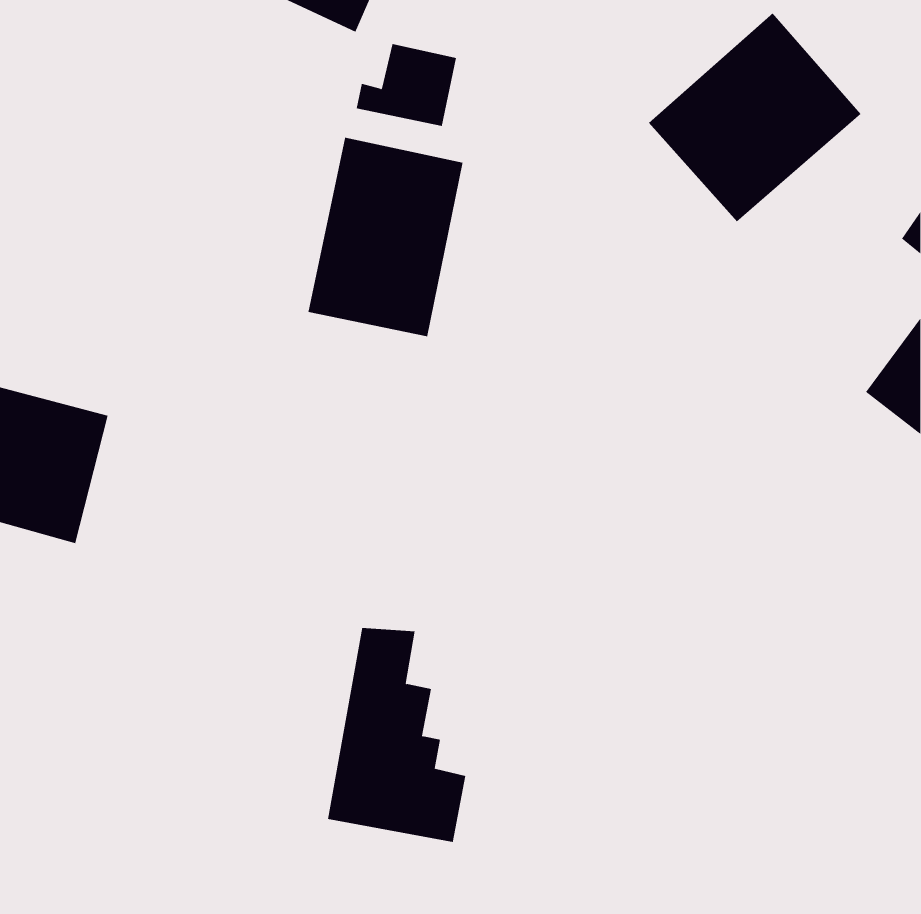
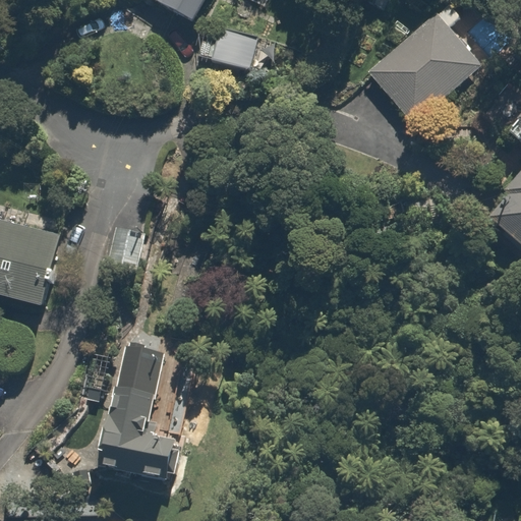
building: [308,137,463,337] -> none
building: [327,628,466,843] -> [101,360,179,481]

